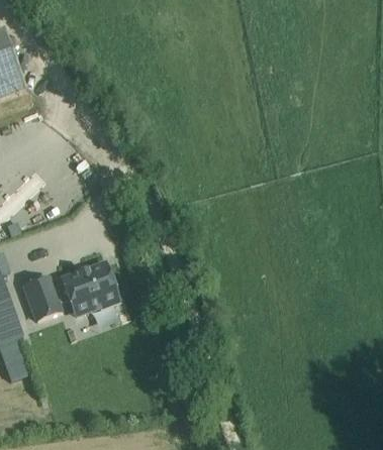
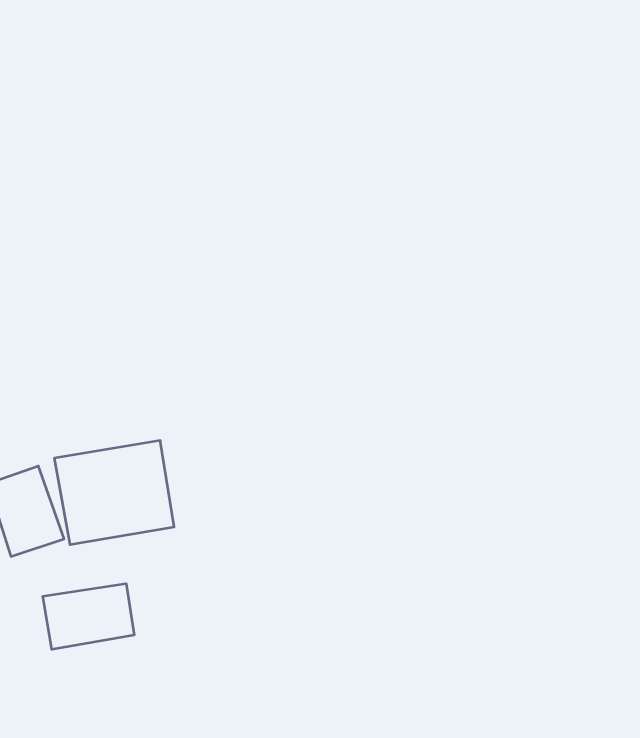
building: none -> [43,584,134,649]

